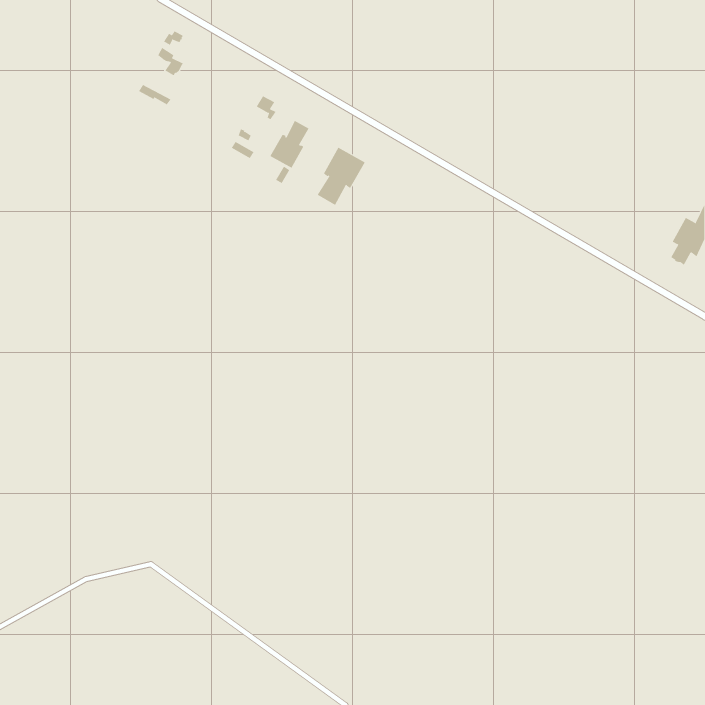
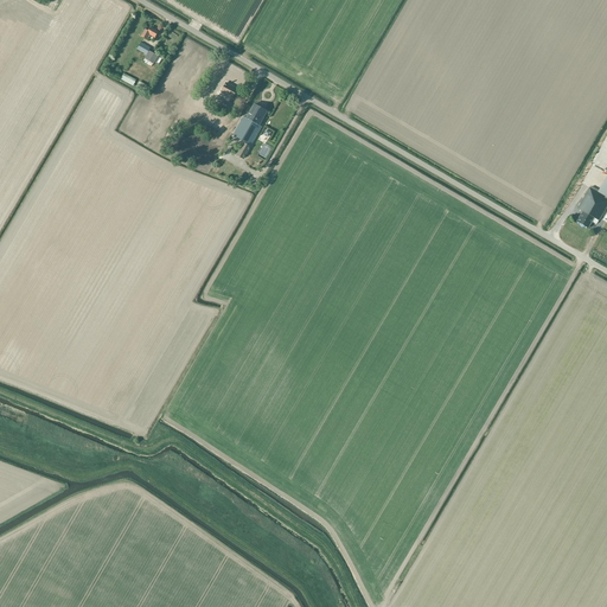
building: [317,147,365,206] -> none

